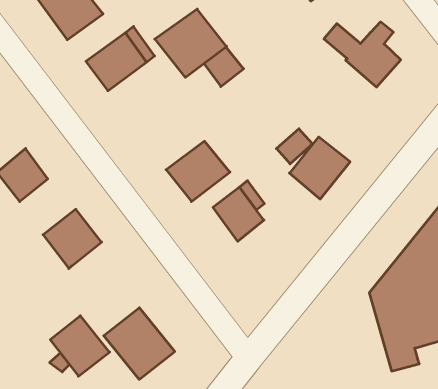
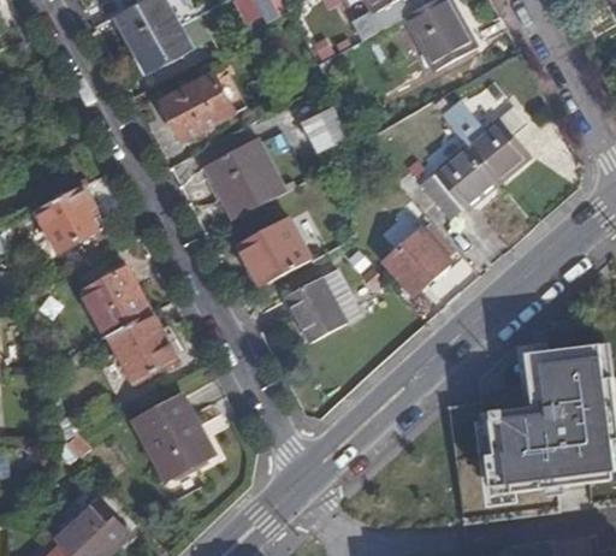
building: [155,9,227,77] -> [197,136,280,214]
building: none -> [420,144,503,224]
building: [50,316,110,376] -> [108,314,176,385]

